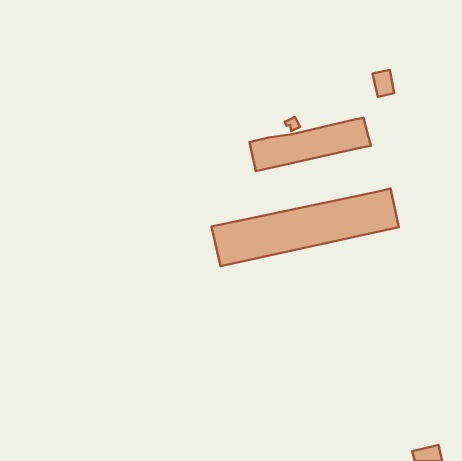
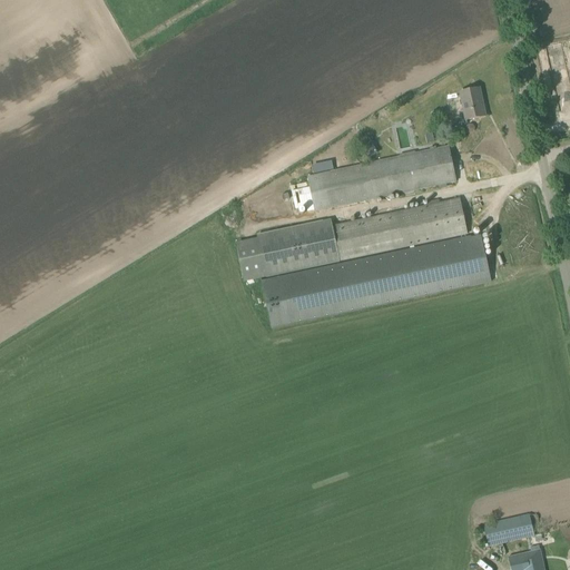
building: none -> [237,197,468,279]
building: none -> [483,512,534,544]

